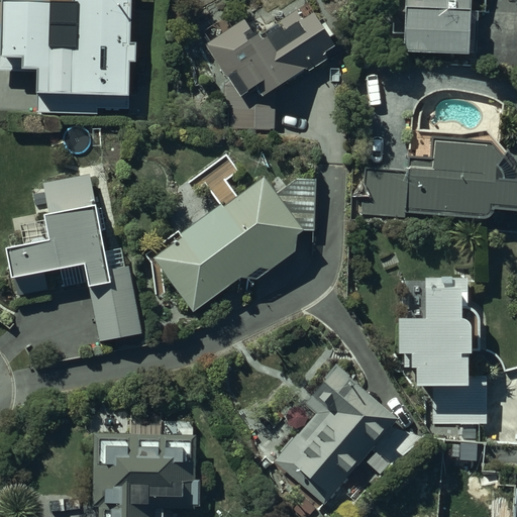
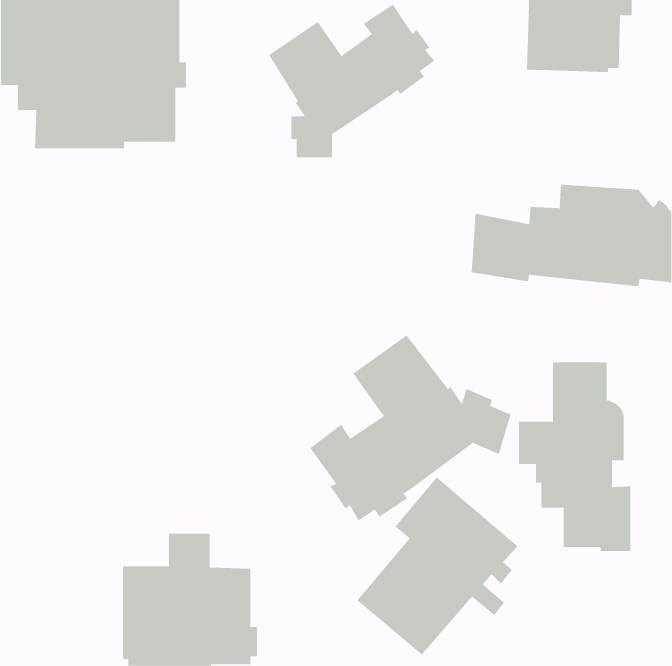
building: [151,172,304,309] -> none
building: [6,174,143,341] -> none
building: none -> [309,334,511,522]

